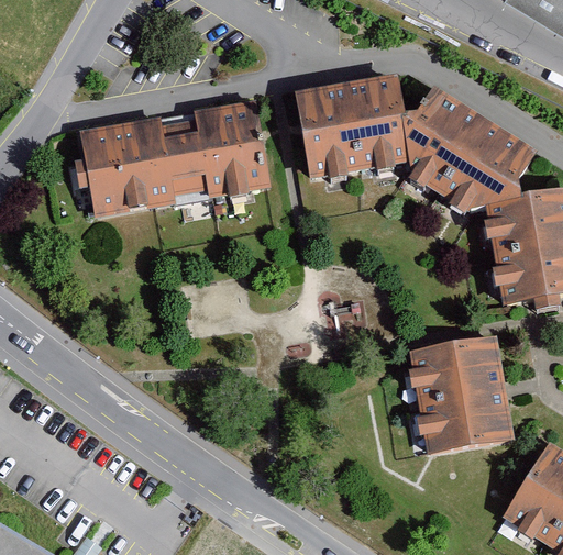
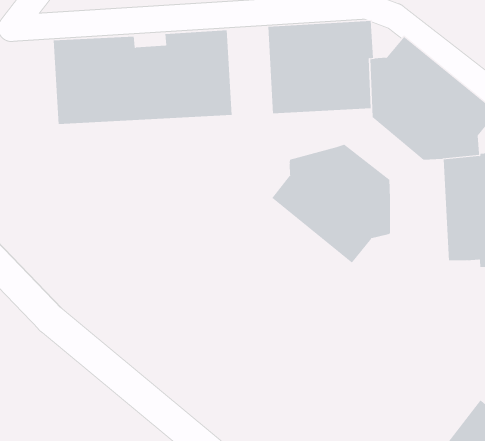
building: none -> [271,144,391,264]
building: [409,338,509,455] -> none

